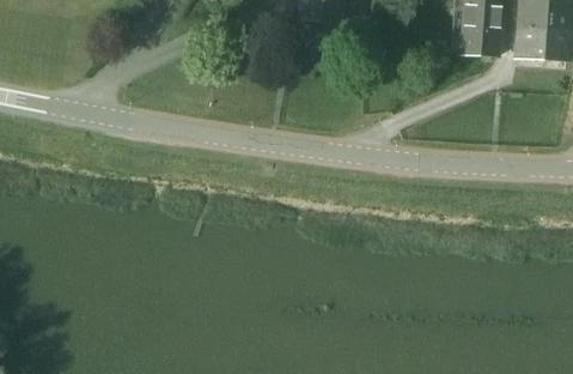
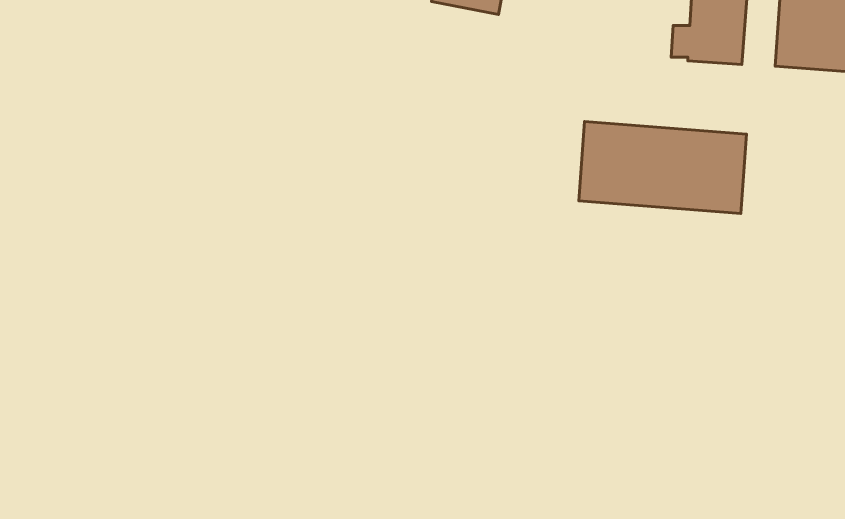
building: none -> [579,122,747,213]

